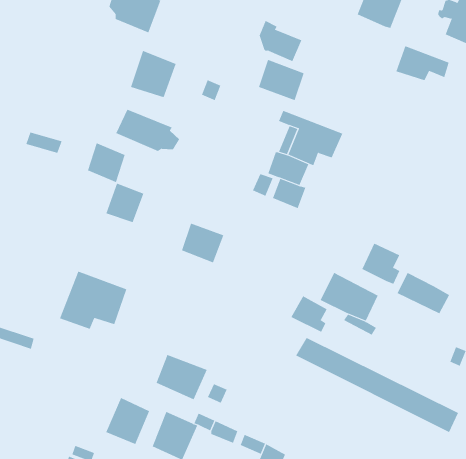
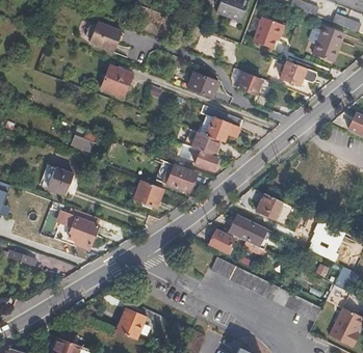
building: [259,20,302,62] -> [231,66,260,94]
building: [115,109,180,152] -> none
building: [106,183,144,223] -> [48,166,74,193]
building: none -> [159,159,197,191]
building: [397,272,450,314] -> none
building: [156,354,207,400] -> none
building: [105,397,150,445] -> none

